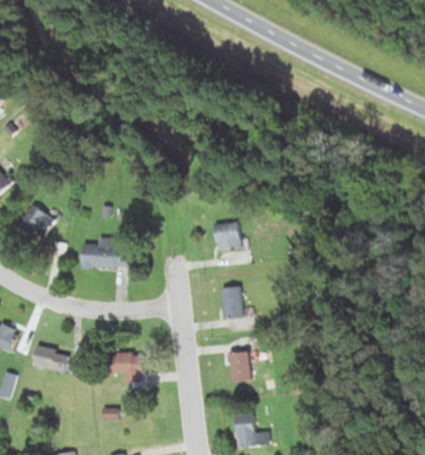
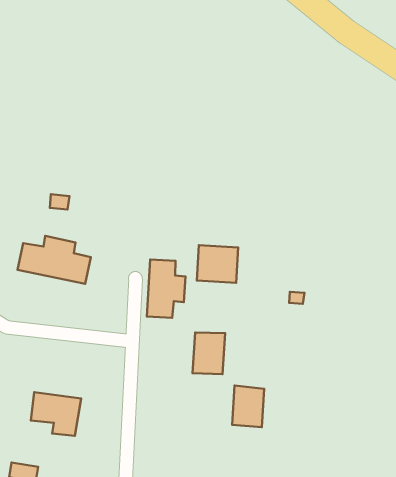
building: none -> [147,260,185,318]
building: [225,351,250,381] -> [232,385,264,427]

